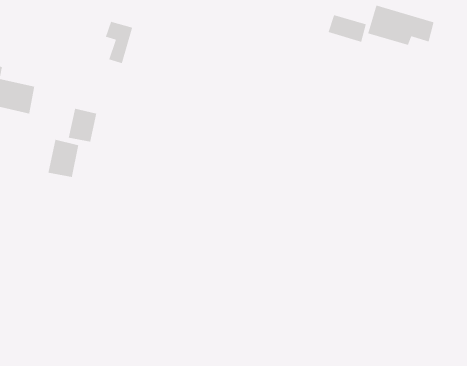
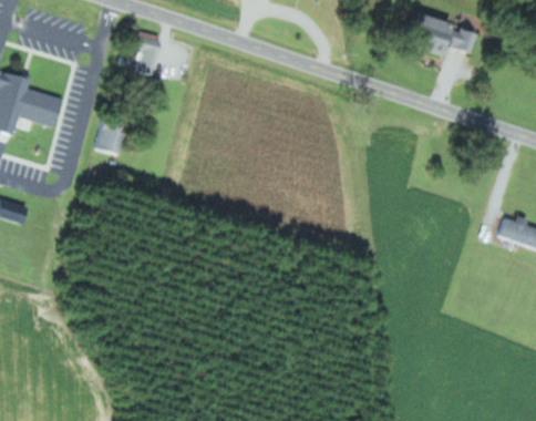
building: [327,14,367,43] -> none
building: [48,139,79,178] -> none

